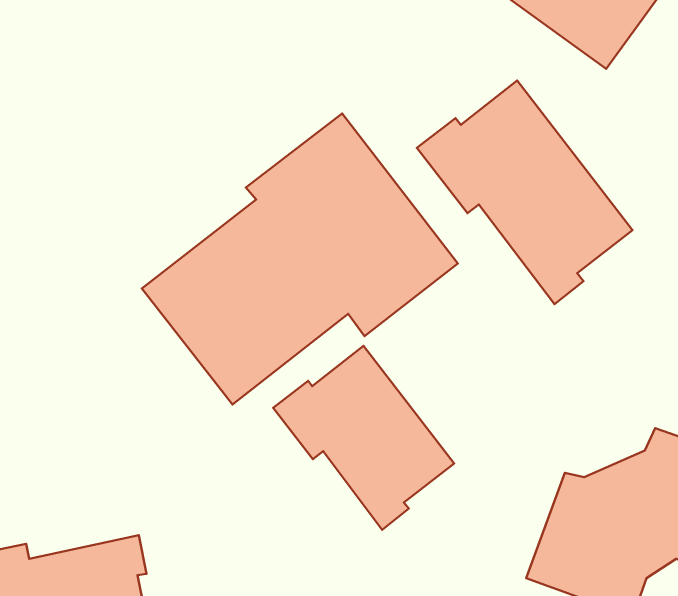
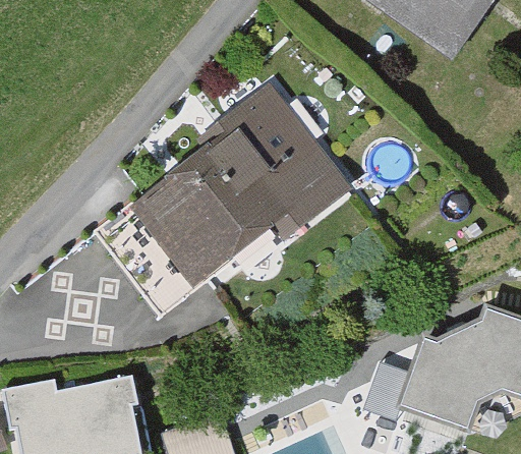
building: [417,81,633,304] -> none
building: [273,346,454,530] -> none

